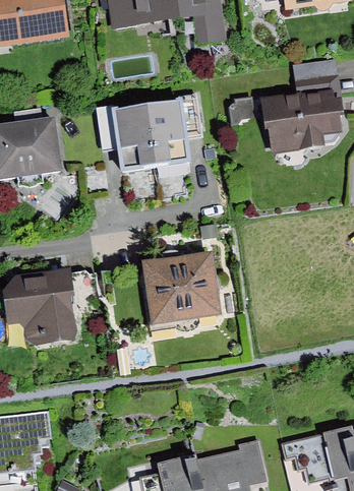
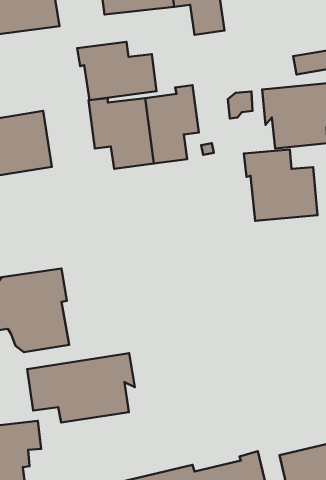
building: none -> [77,42,156,100]
building: none -> [244,149,317,221]
building: [141,251,221,325] -> none
building: none -> [27,353,135,422]

